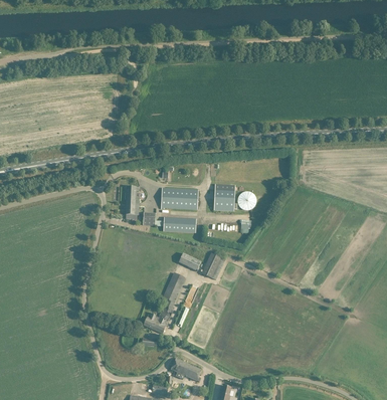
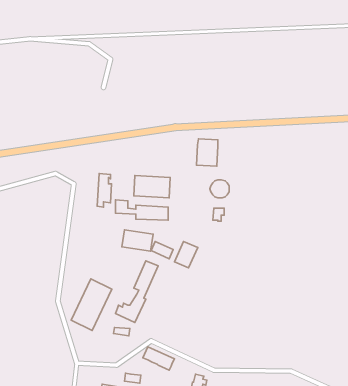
building: [214,184,235,211] -> [196,139,218,166]
building: none -> [122,230,153,251]
building: none -> [71,279,112,330]

